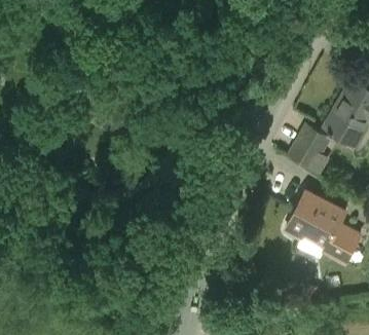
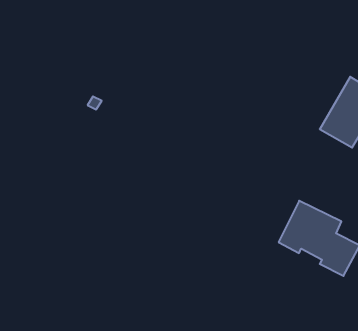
building: [288,124,328,169] -> none

